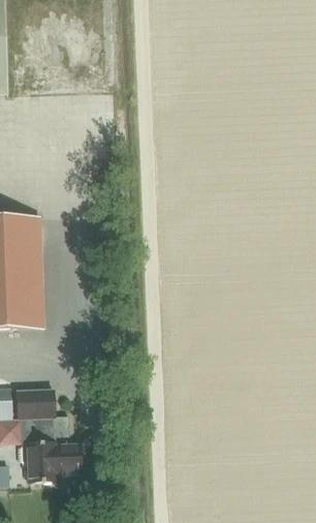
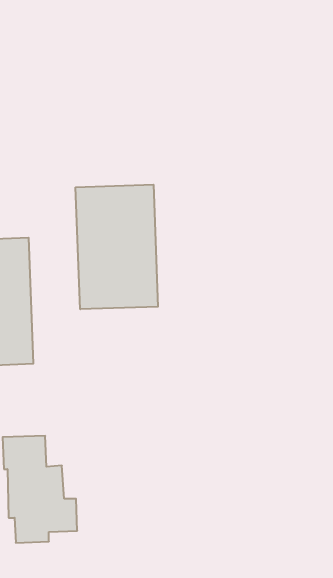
building: none -> [76,185,158,309]

